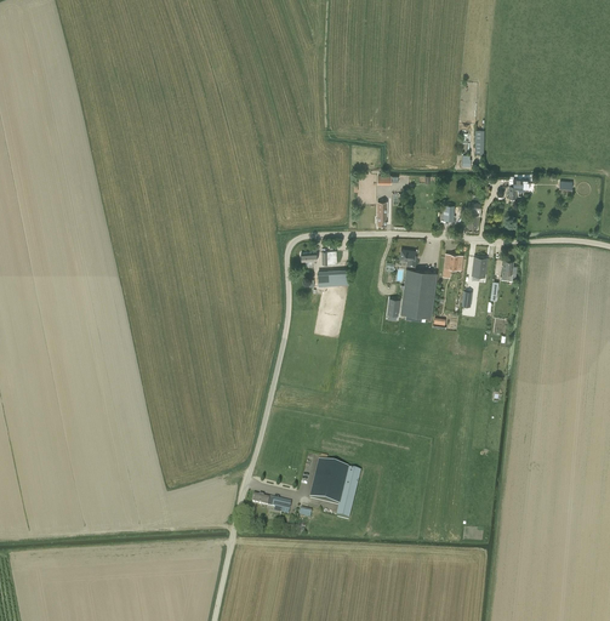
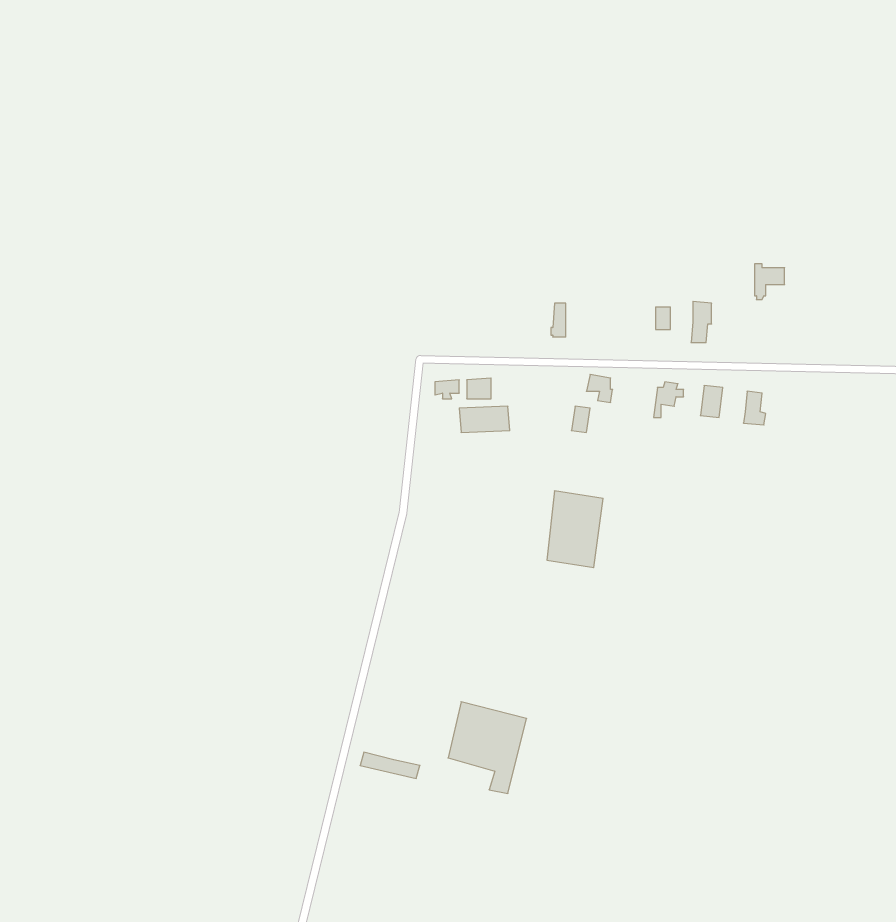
building: [400,268,437,318] -> [547,491,603,568]

